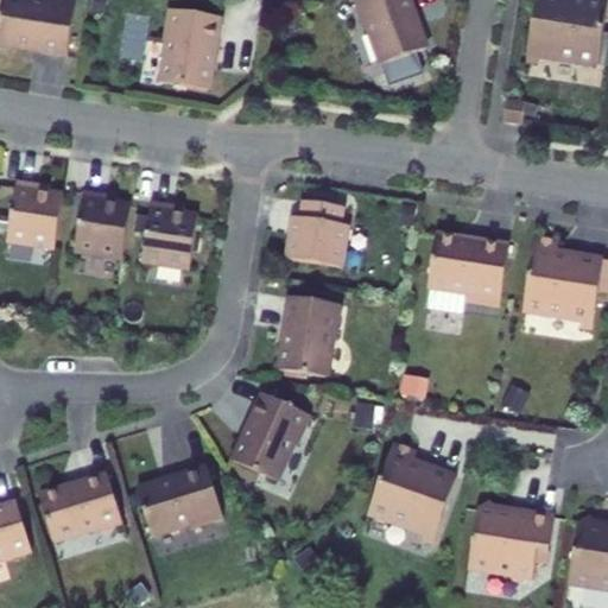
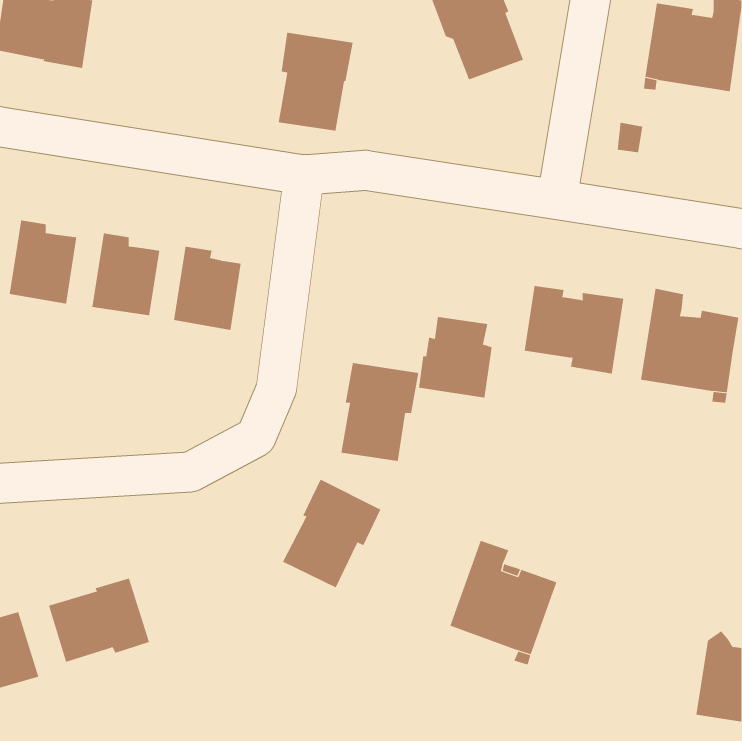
building: [160,8,222,89] -> [278,32,353,131]
building: [286,201,347,267] -> [418,317,492,398]
building: [137,464,223,533] -> none
building: [468,499,555,582] -> none

